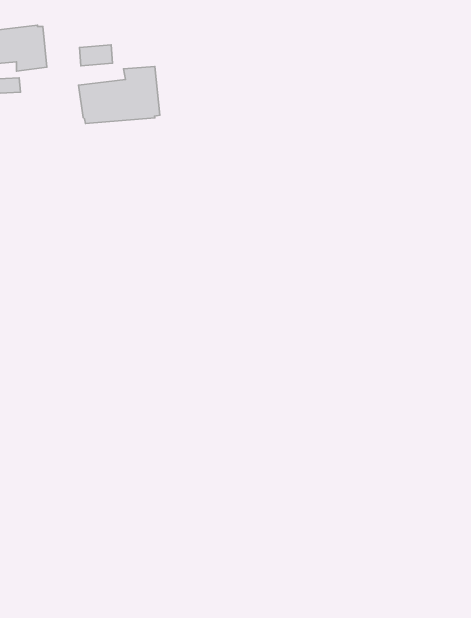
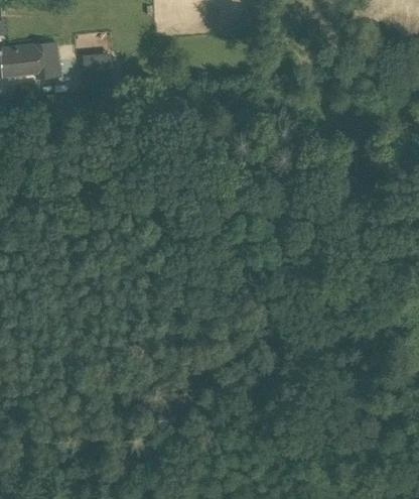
building: [78,67,160,123] -> none

